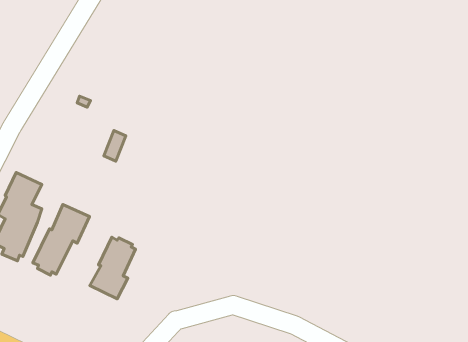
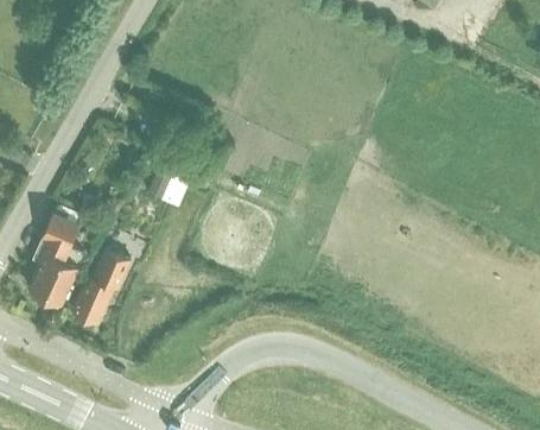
building: [90,237,136,299] -> none

